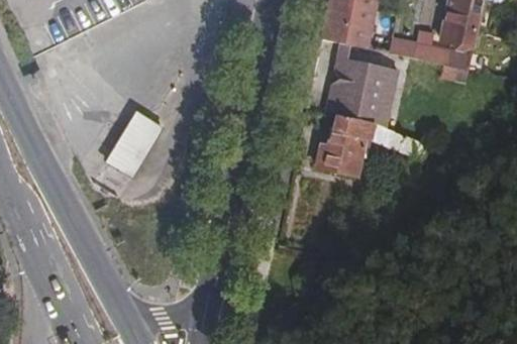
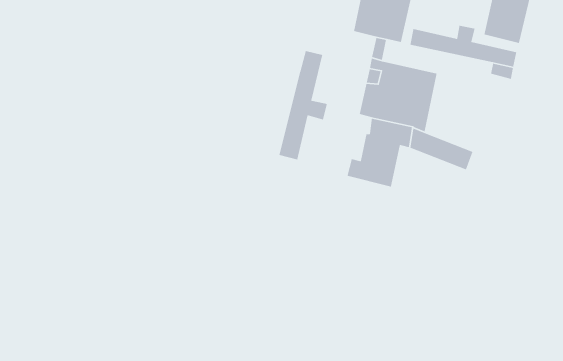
building: none -> [279,50,328,161]
building: [105,113,163,180] -> none

